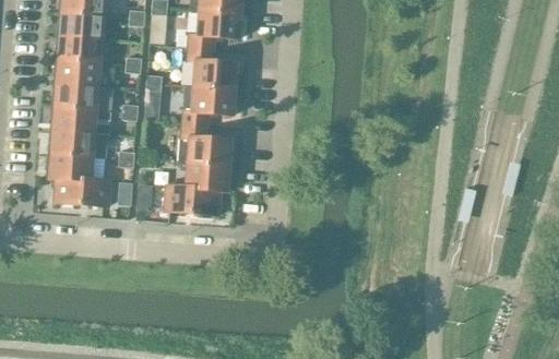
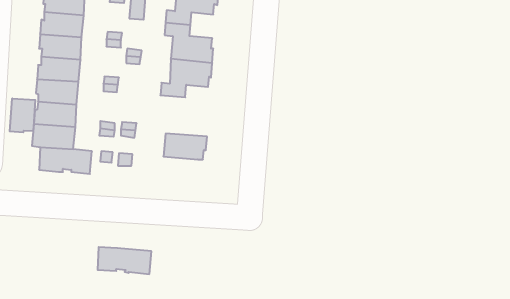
building: [179,123,233,167] -> none
building: none -> [10,98,35,132]
building: [165,187,222,215] -> [98,247,151,274]

